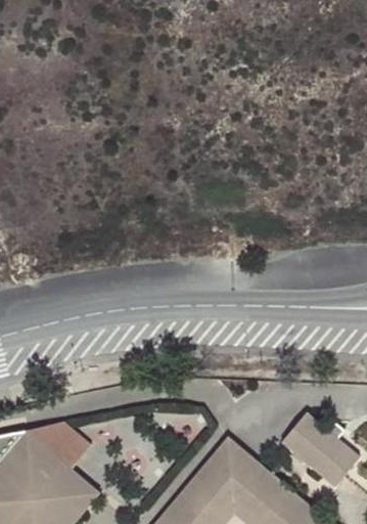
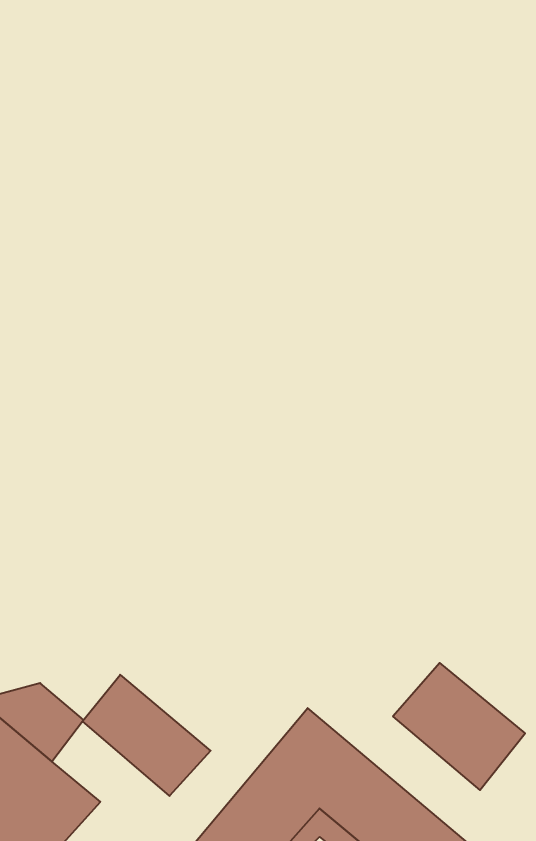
building: none -> [83,675,211,796]

